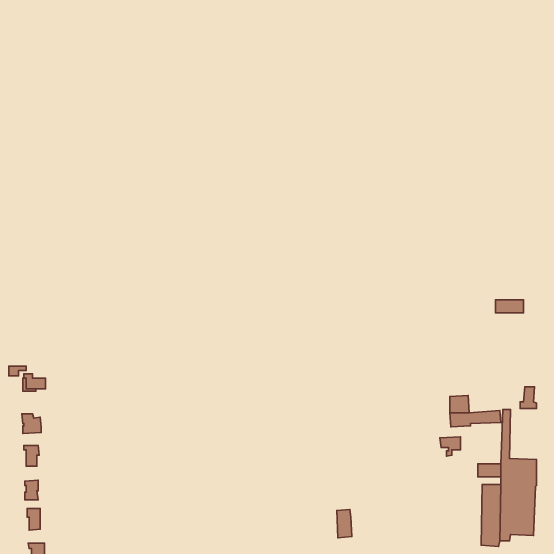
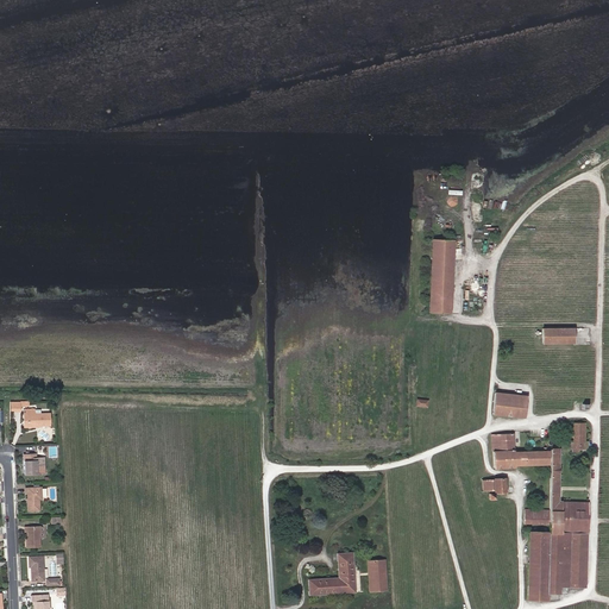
building: none -> [431,240,454,314]
building: none -> [494,394,528,417]
building: none -> [309,554,356,595]

